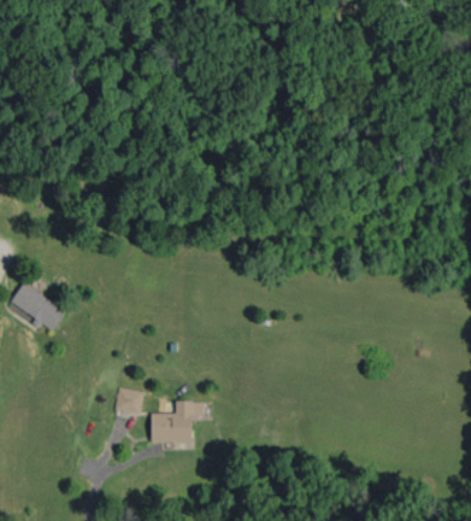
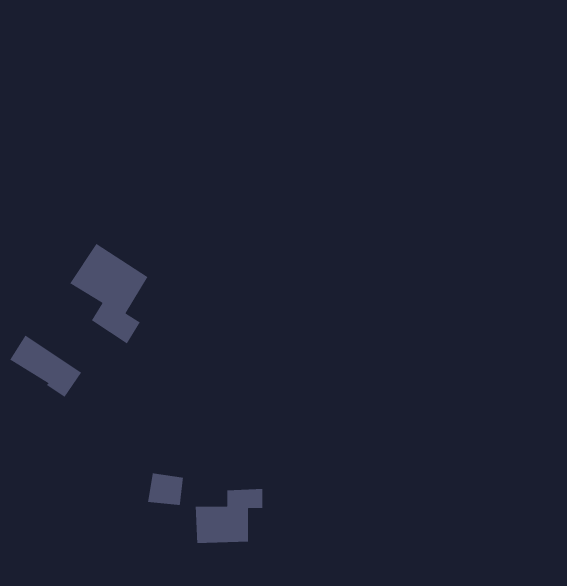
building: none -> [69,243,149,345]

